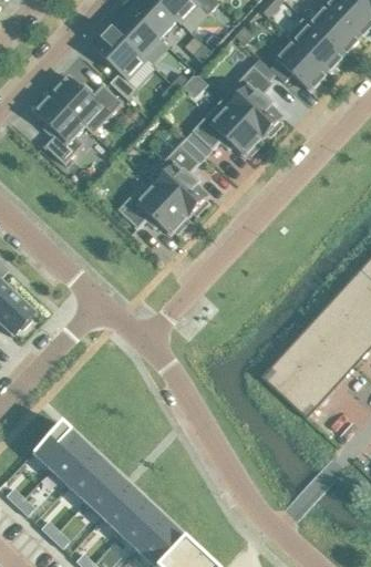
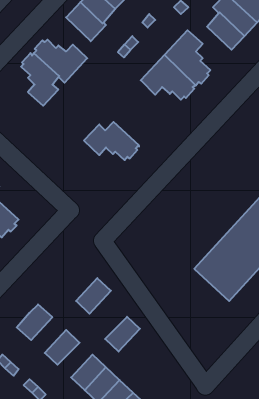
building: [150,143,210,215] -> none
building: [51,439,96,485] -> [76,278,111,314]
building: [85,472,131,517] -> [105,317,140,352]

